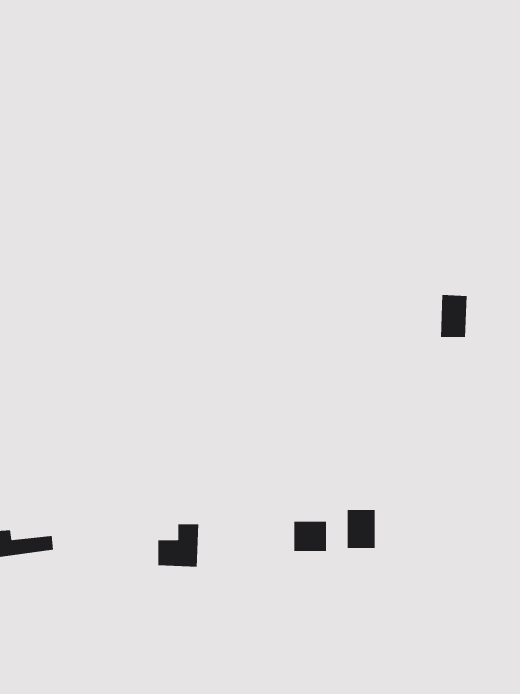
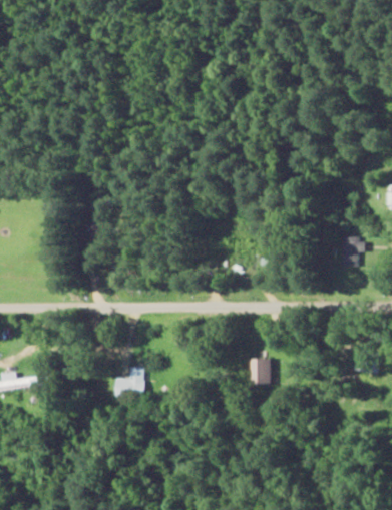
building: [440,294,467,338] -> [342,235,361,266]
building: [294,521,327,552] -> none

